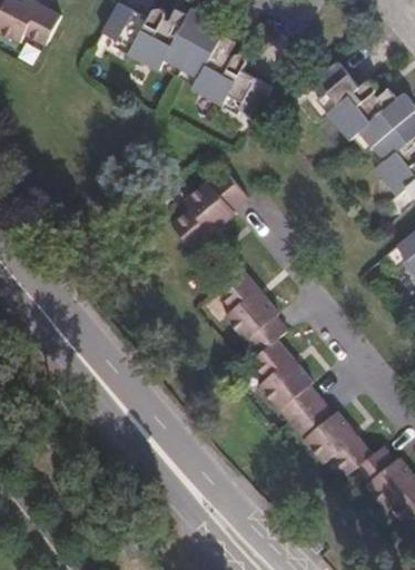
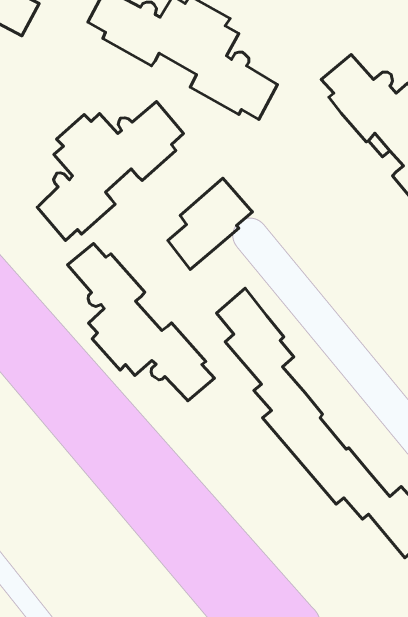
building: none -> [37,102,184,240]
building: none -> [68,243,214,401]

